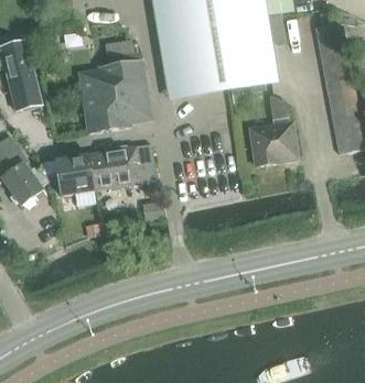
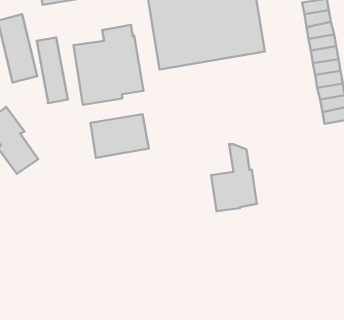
building: none -> [37,37,68,103]
building: [249,96,297,165] -> [211,144,257,211]
building: [61,152,101,194] -> none

